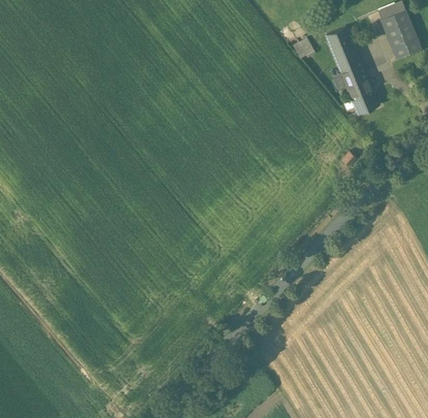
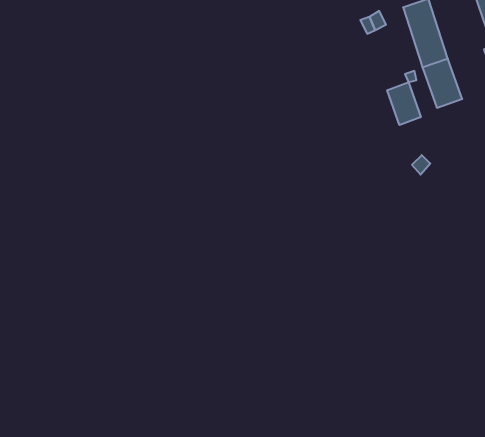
building: none -> [387,82,421,125]

